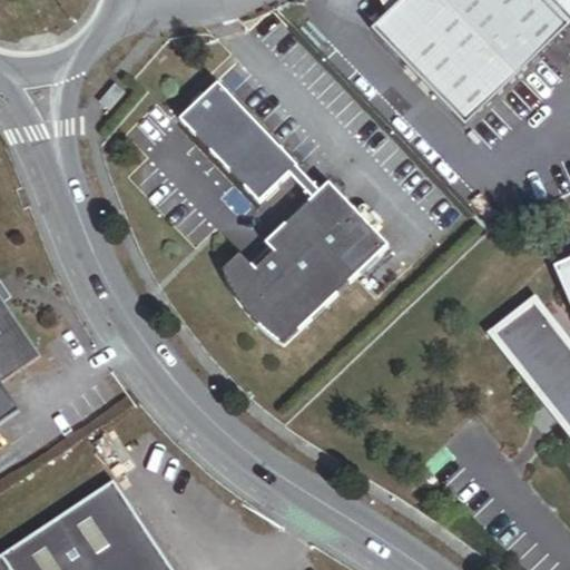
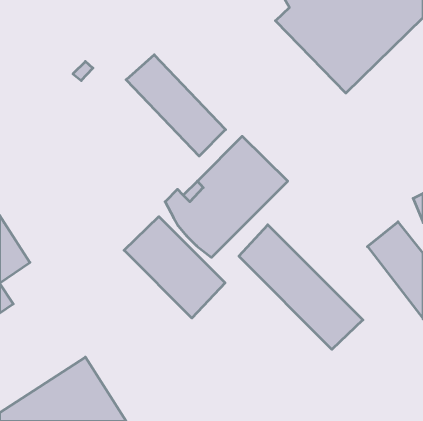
building: none -> [124,217,225,318]
building: none -> [239,225,363,349]

